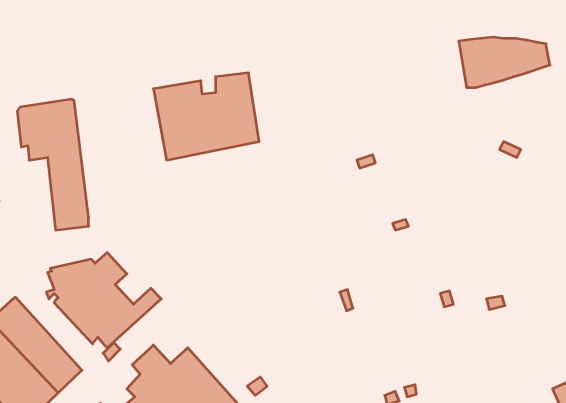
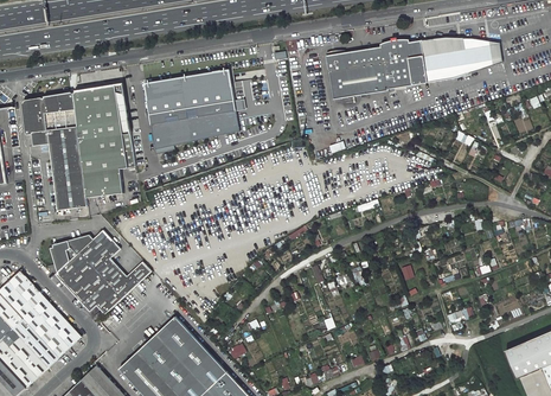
building: none -> [322,39,424,100]
building: none -> [72,84,134,198]

